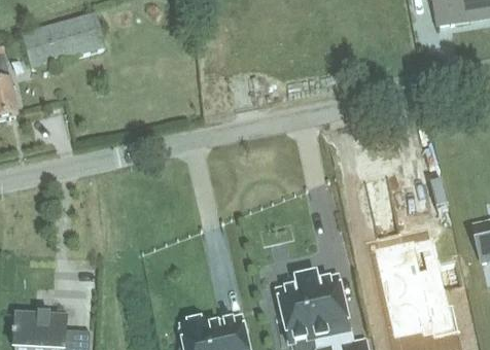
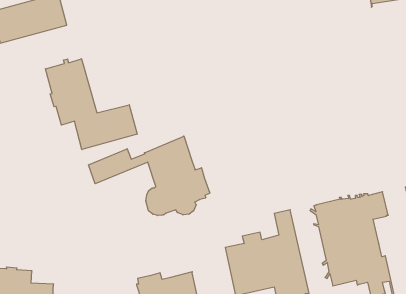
building: none -> [45,59,137,150]
building: none -> [88,136,210,216]

